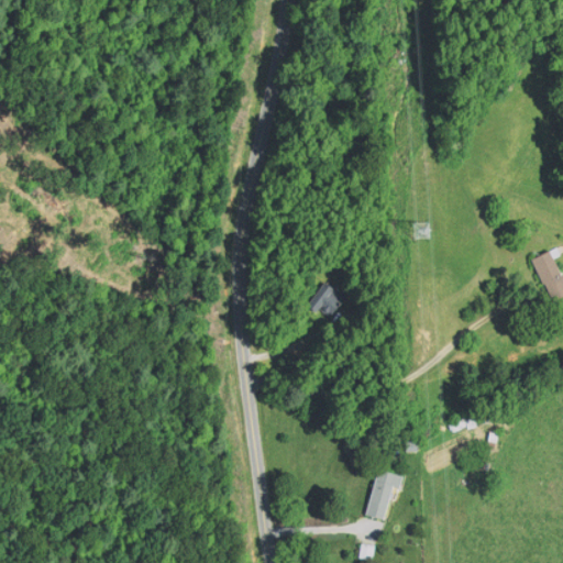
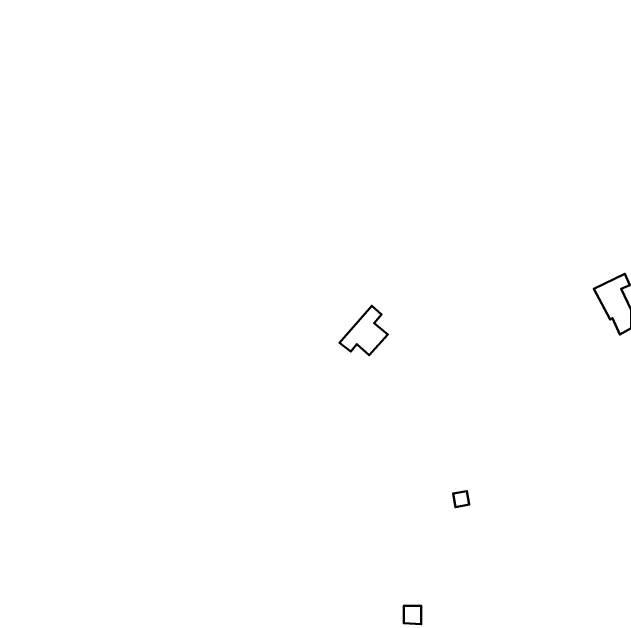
building: [365,470,404,520] -> none

